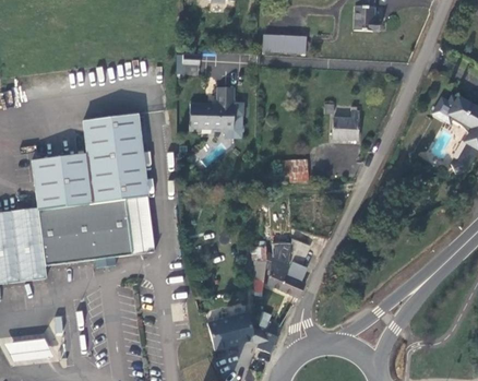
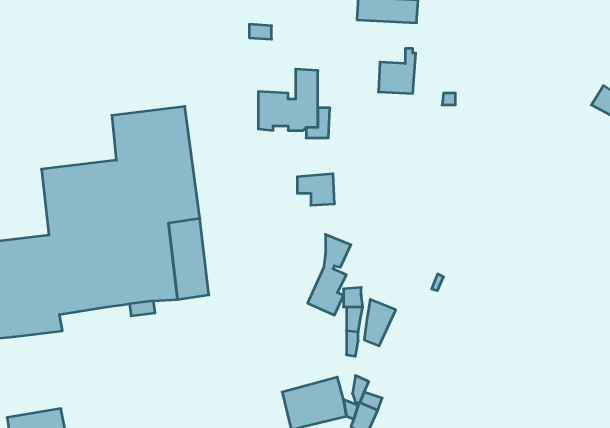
building: [332,107,359,140] -> [378,49,416,93]
building: [280,158,308,181] -> [297,174,335,205]
building: [278,238,310,297] -> [308,234,351,315]

